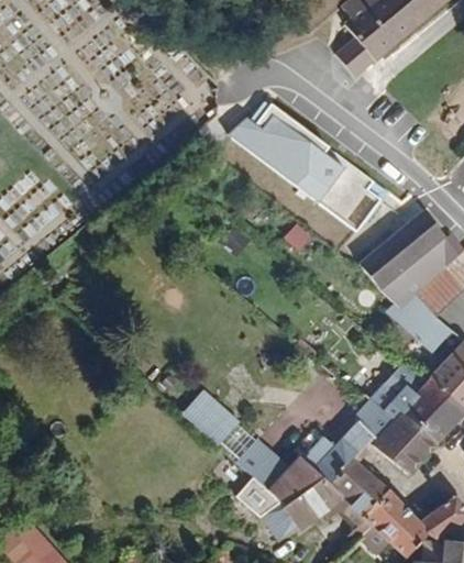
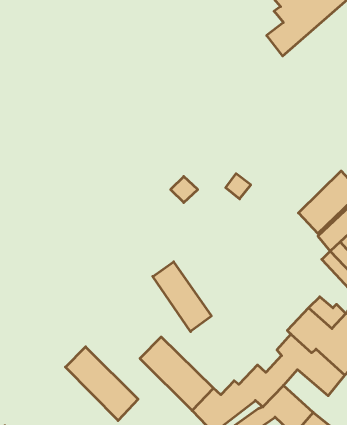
building: [232,89,386,223] -> none
building: none -> [153,262,211,332]
building: none -> [65,347,138,421]

